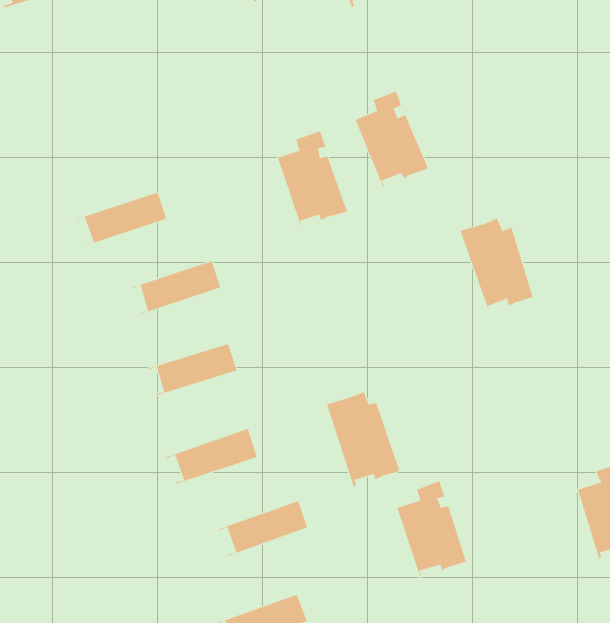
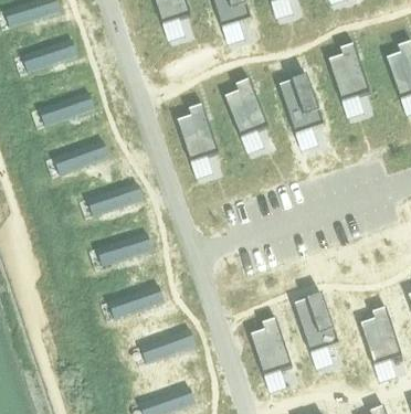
building: none -> [21,40,76,72]
building: none -> [327,43,370,102]
building: none -> [39,93,94,126]
building: [460,218,534,312] -> [277,76,323,134]
building: [326,392,400,487] -> [293,295,338,353]

